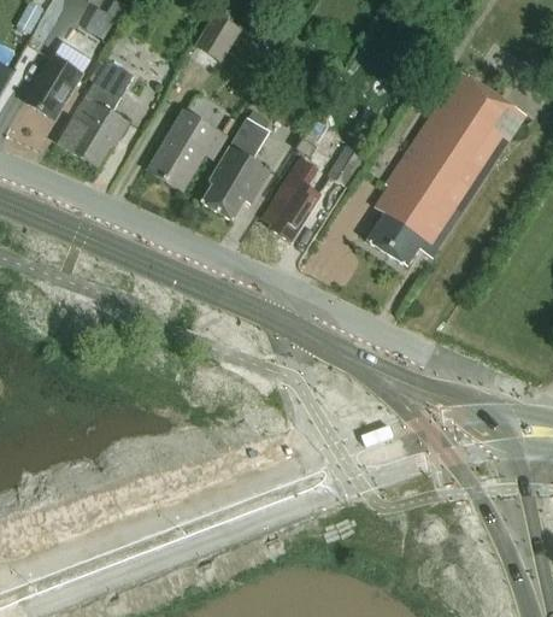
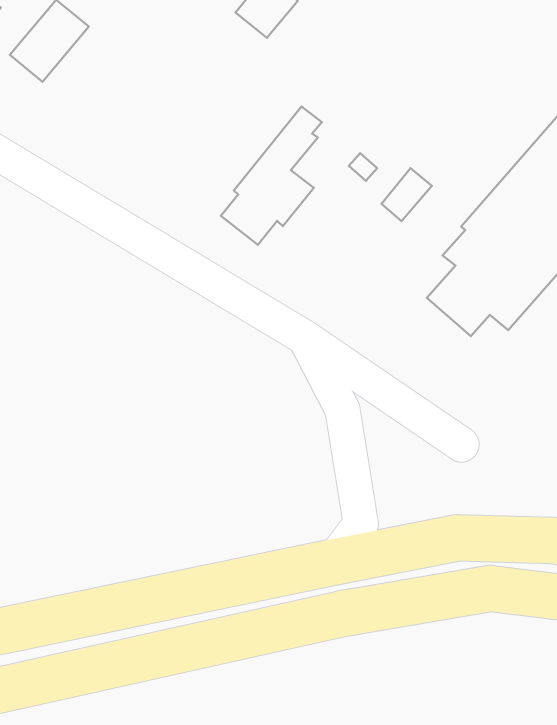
building: [60,59,133,163] -> none
building: [149,110,224,189] -> none
building: [261,154,320,241] -> none

